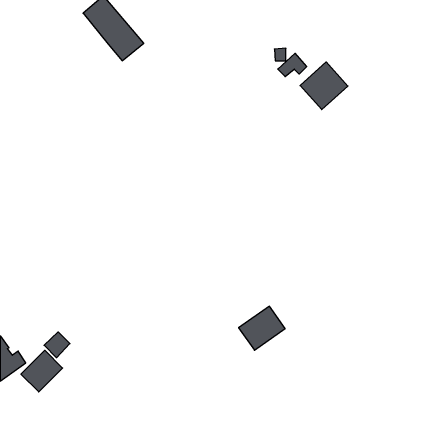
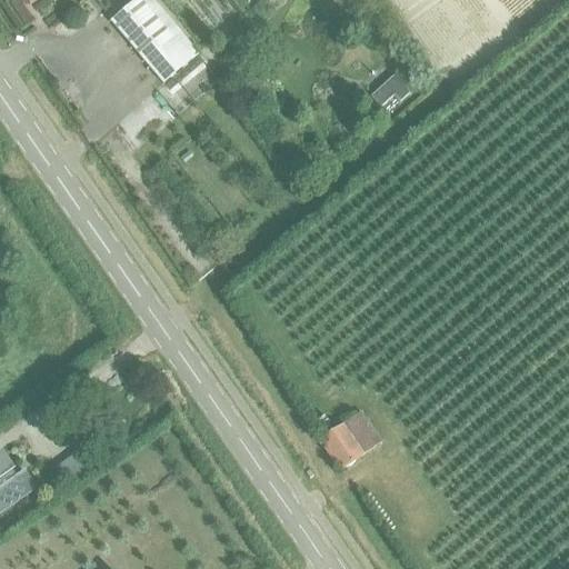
building: [300,62,348,110] -> none
building: [21,350,63,392] -> none

